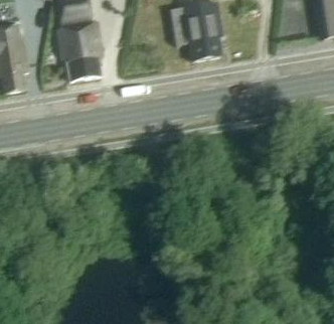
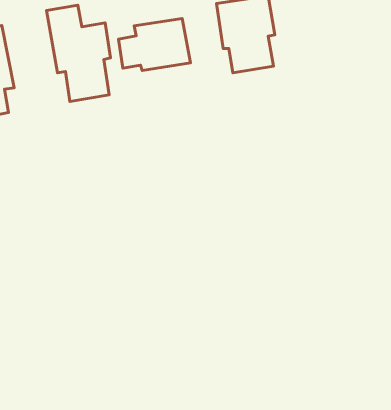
building: none -> [118,18,190,70]

